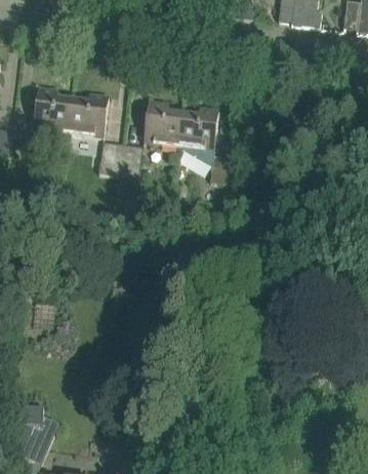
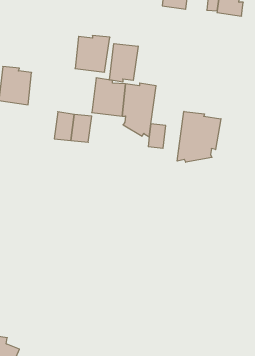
building: none -> [109,44,138,82]
building: [68,93,109,136] -> [75,36,110,72]
building: none -> [177,111,221,162]

